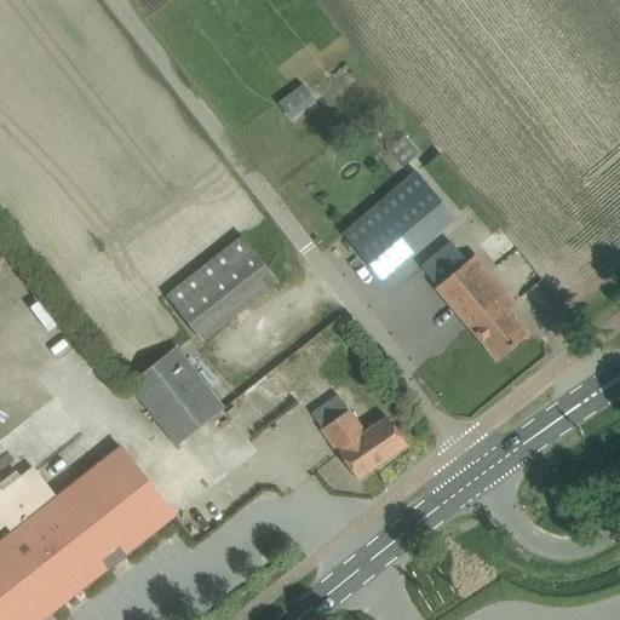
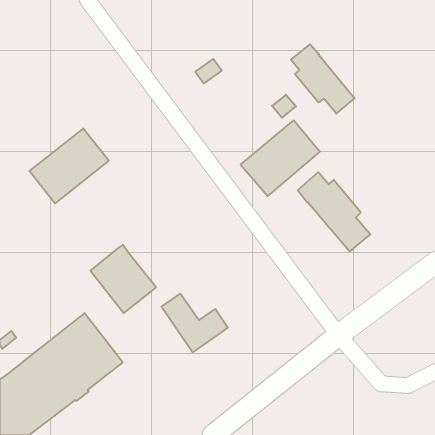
building: none -> [291,44,355,114]
building: [166,235,279,341] -> [29,128,109,203]
building: [311,395,406,478] -> [161,294,228,352]

